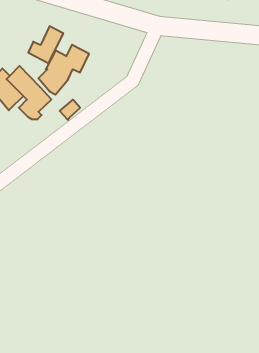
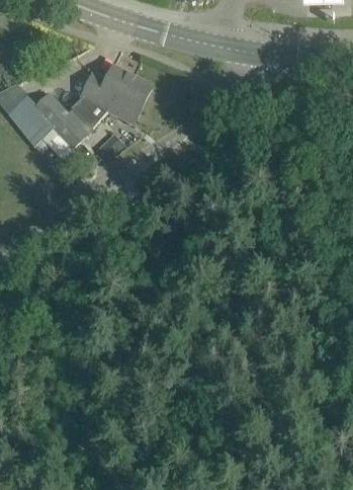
building: [28,26,63,63] -> [107,76,151,121]

